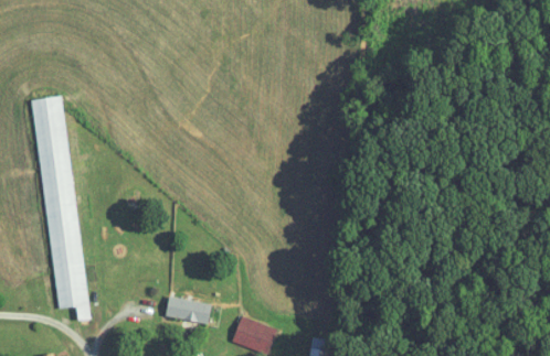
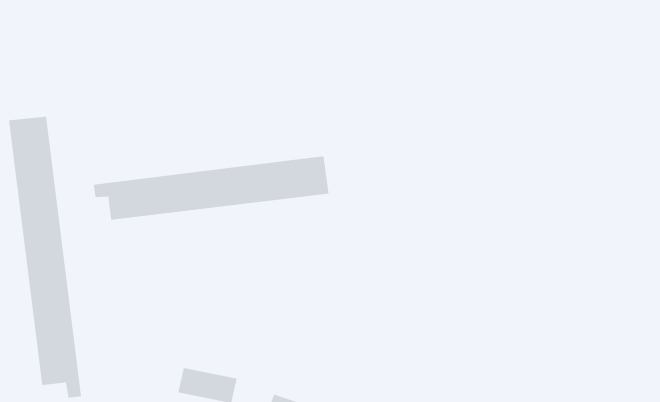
building: none -> [93,156,329,221]

